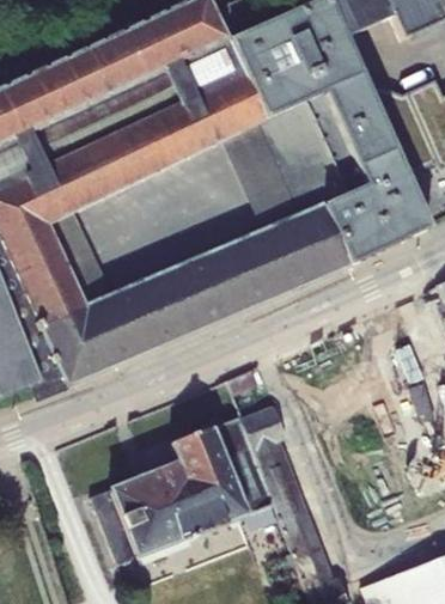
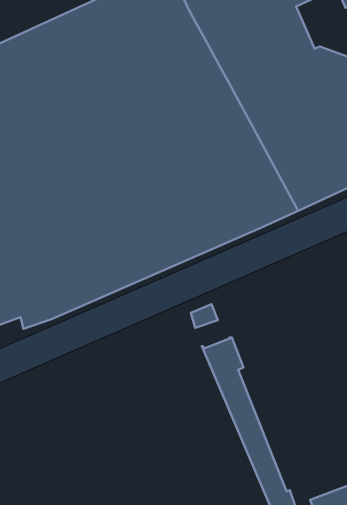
building: [90,416,270,565] -> none

